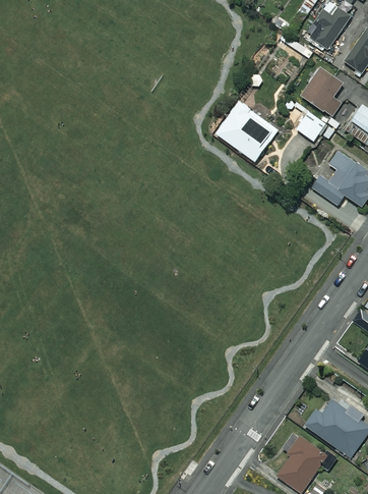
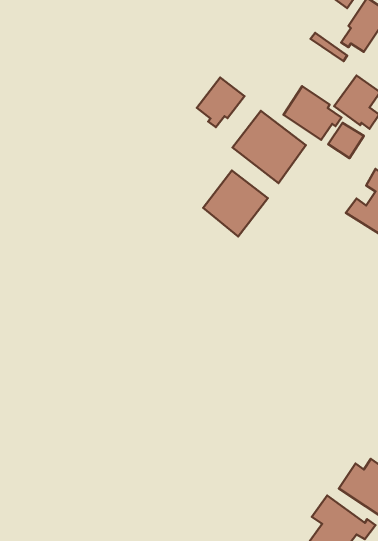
building: none -> [197,78,245,127]
building: none -> [283,86,341,140]
building: none -> [203,171,268,236]

